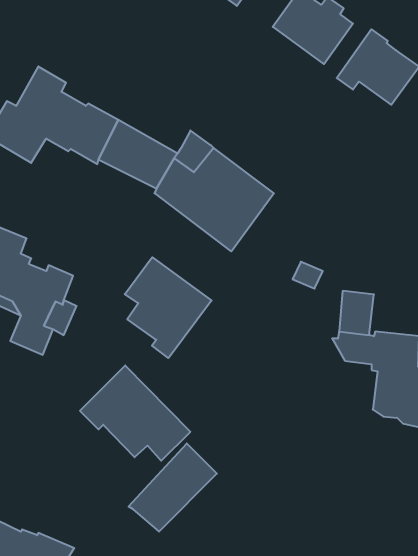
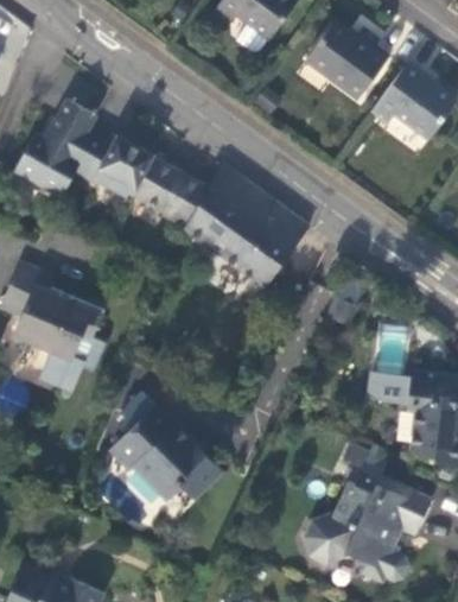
building: [125,257,212,358] -> none
building: none -> [301,446,432,585]
building: [129,443,217,532] -> none

